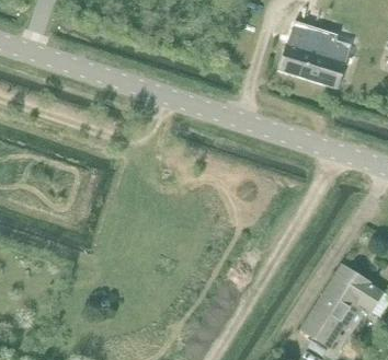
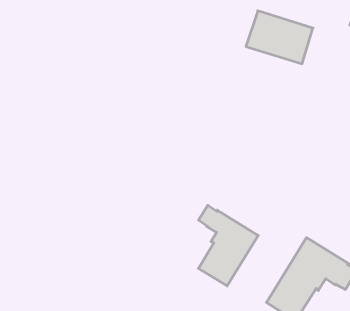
building: none -> [198,205,258,286]

